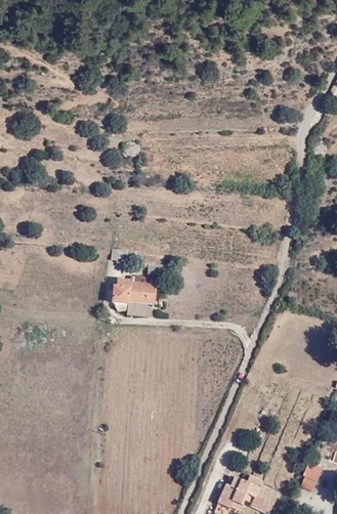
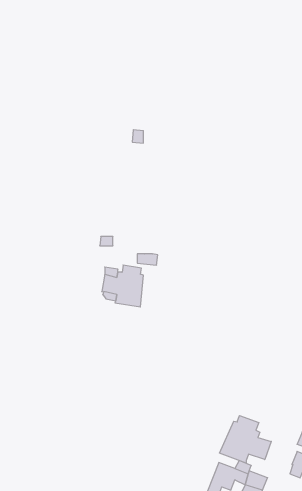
building: none -> [219,416,271,463]

